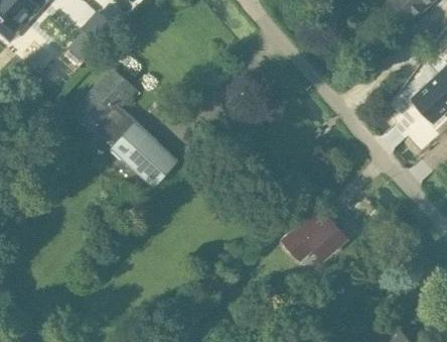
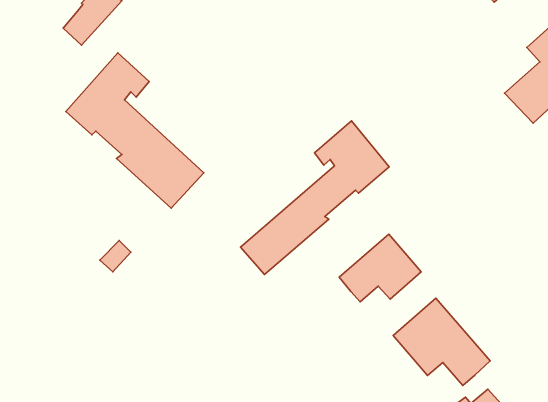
building: none -> [241,121,389,275]
building: none -> [393,298,490,385]

